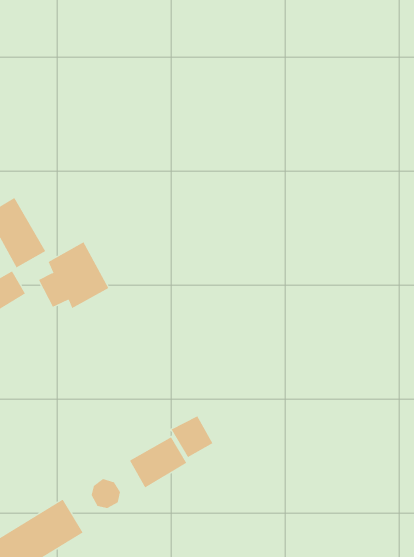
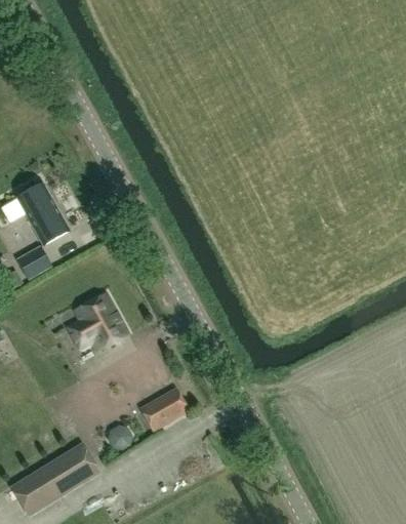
building: [38,241,109,309] -> [67,293,127,351]
building: [171,416,213,458] -> none

